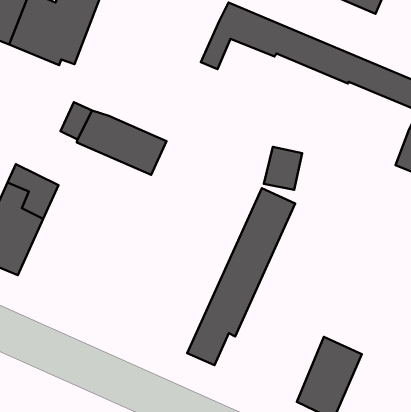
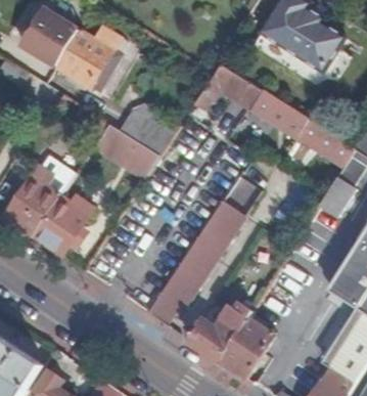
building: none -> [119,103,177,156]
building: none -> [33,196,92,255]
building: none -> [185,303,250,361]

